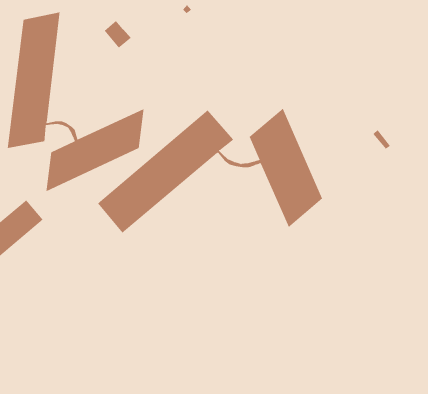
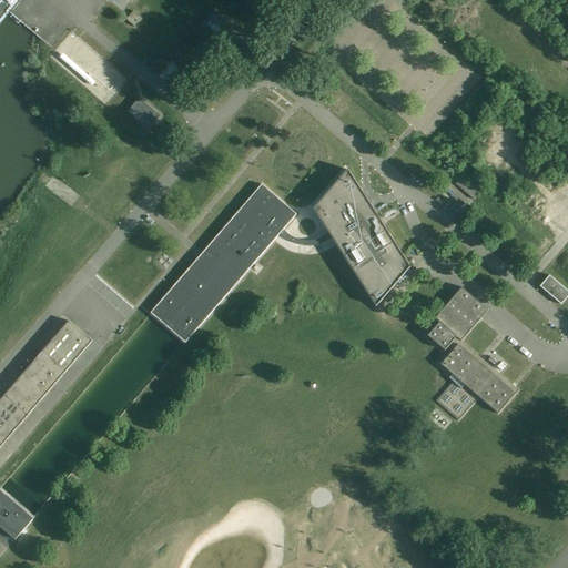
building: [7,11,144,192] -> none
building: none -> [426,286,517,420]

